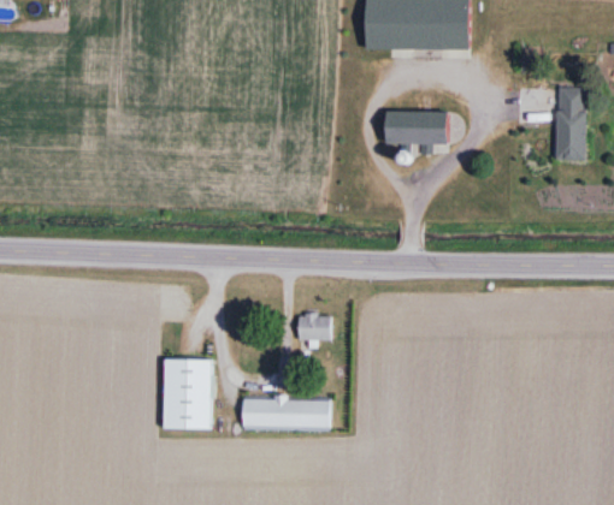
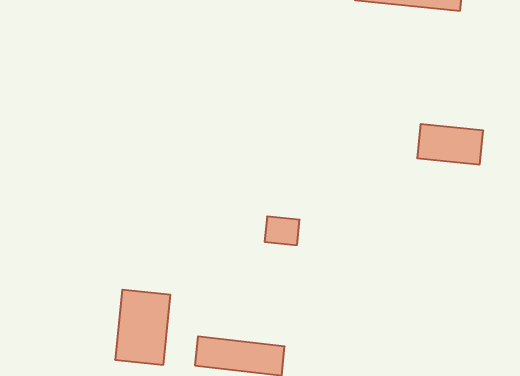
building: [385,111,448,144] -> [417,124,483,164]
building: [299,315,331,340] -> [265,216,300,245]

